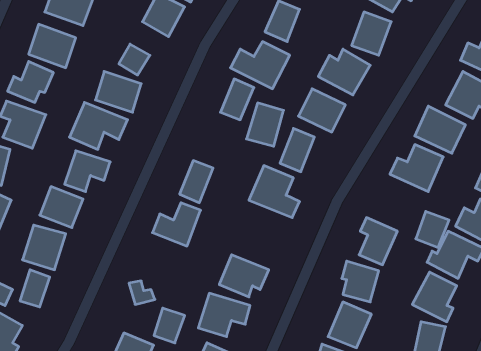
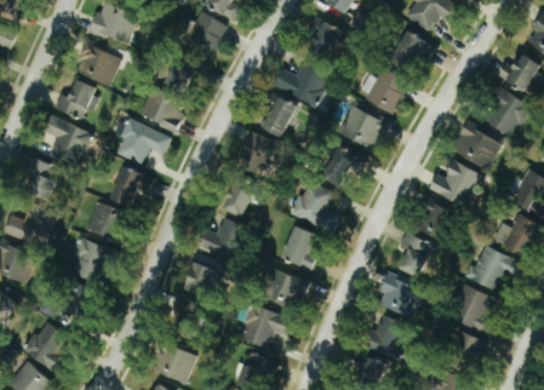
building: [246,103,284,146] -> [237,132,274,174]
building: [416,211,449,247] -> [417,201,449,236]
building: none -> [281,226,320,268]
building: [154,308,185,343] -> [183,262,213,296]

